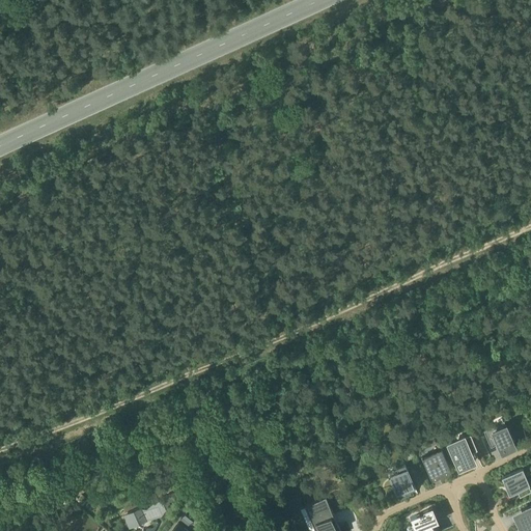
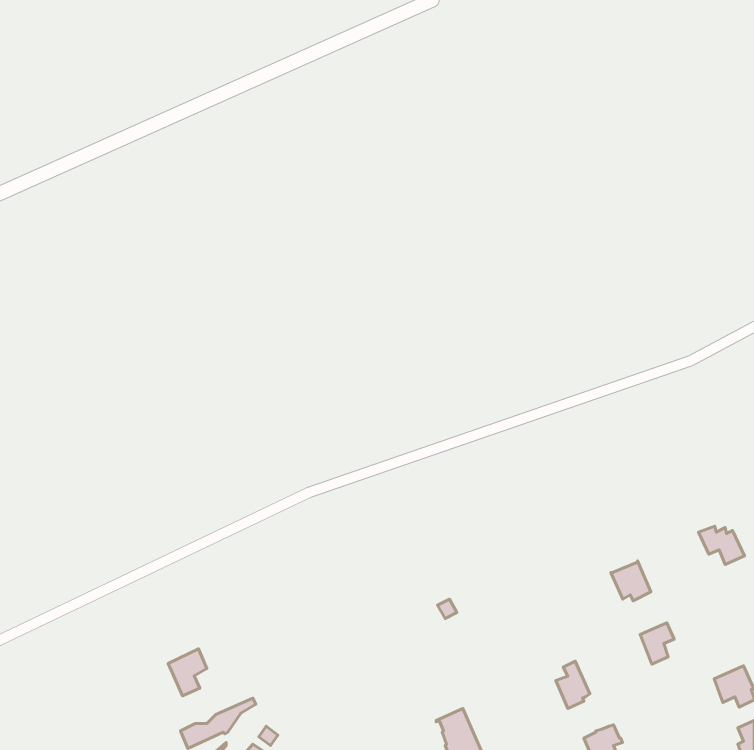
building: [482,428,514,455] -> [699,526,744,565]
building: [421,451,449,479] -> [611,561,651,601]
building: none -> [168,649,207,696]

